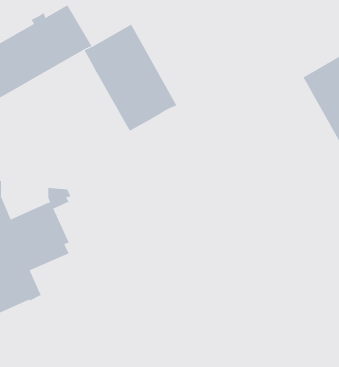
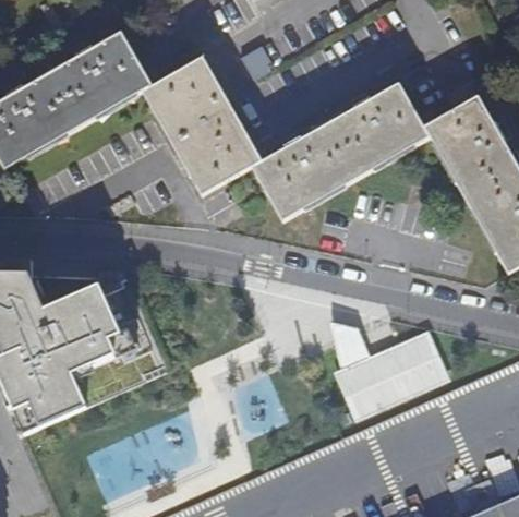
building: none -> [249,82,429,221]
building: none -> [331,321,447,417]

